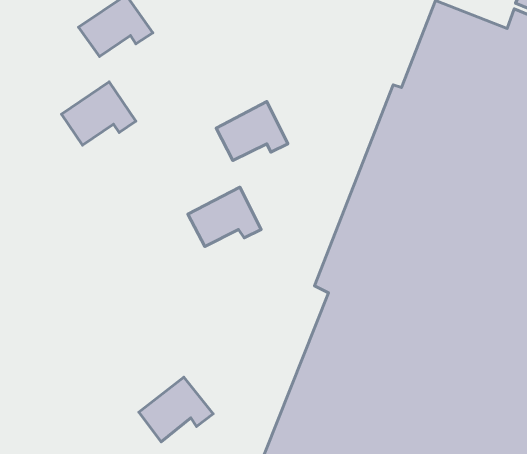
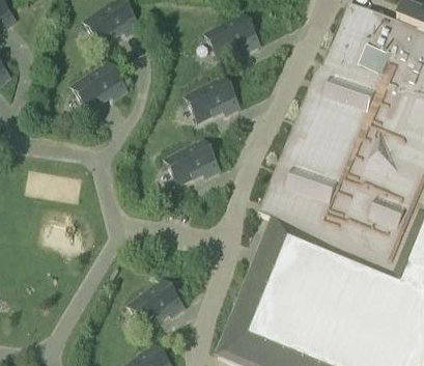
building: none -> [206,13,260,57]

